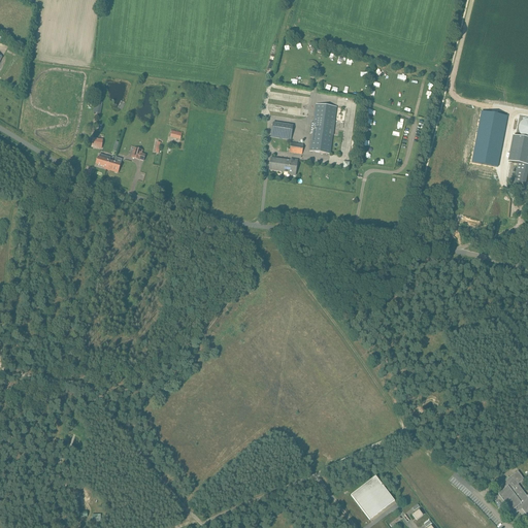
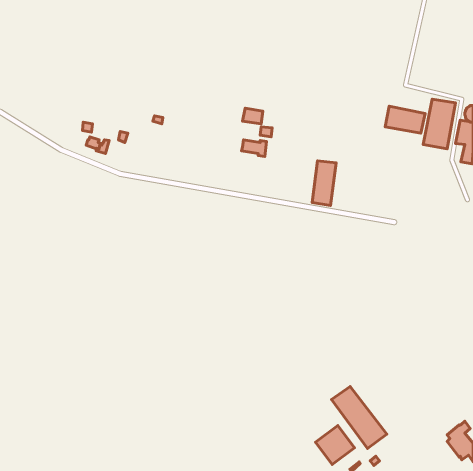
building: [309,103,336,153] -> [312,161,336,205]
building: none -> [385,106,425,133]
building: none -> [331,387,387,449]

